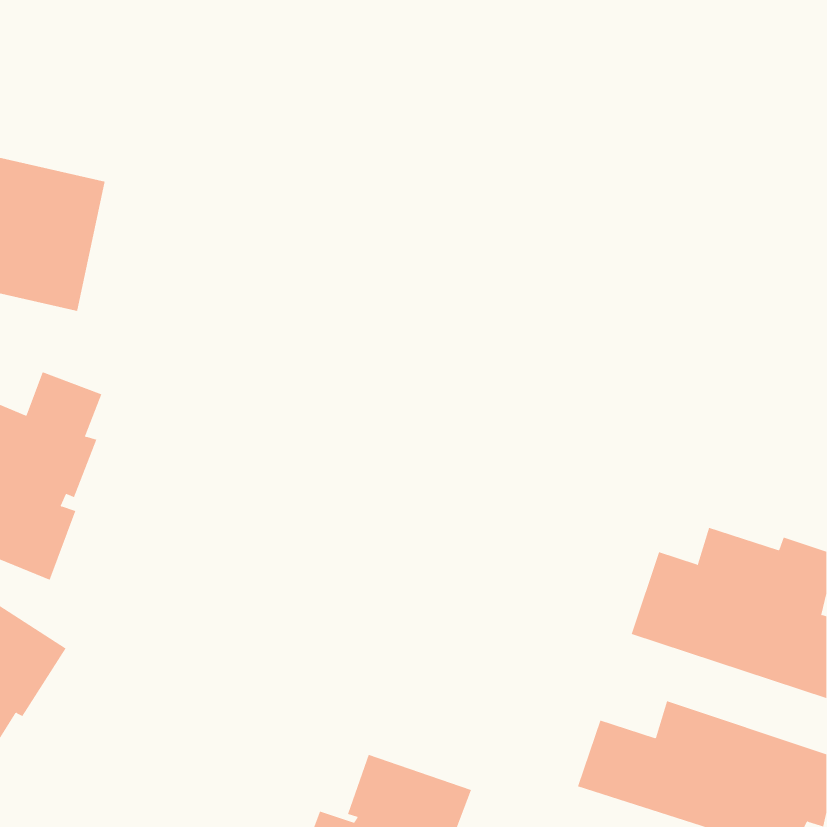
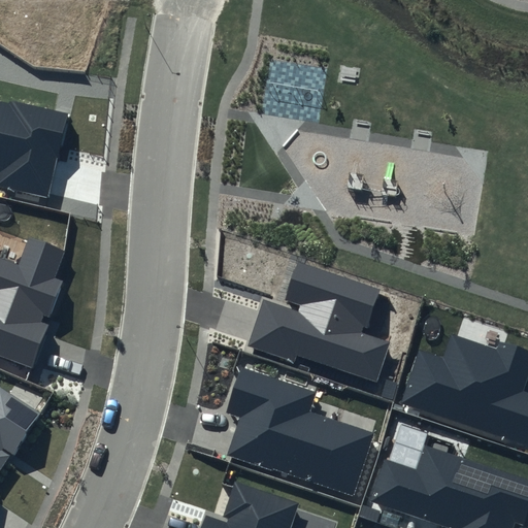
building: none -> [248,263,390,384]
building: none -> [225,367,373,496]

